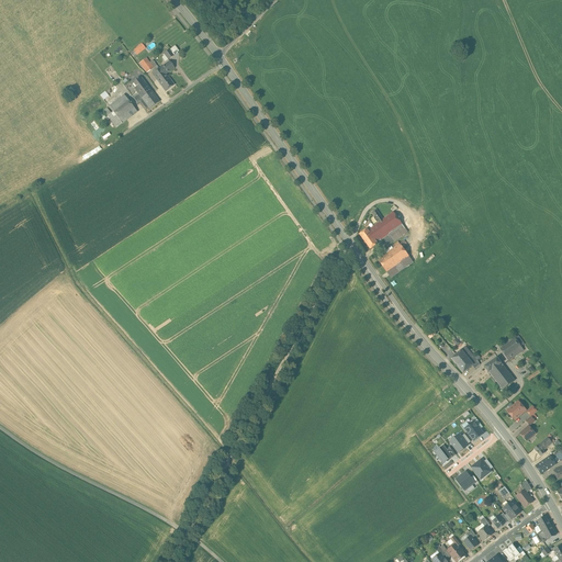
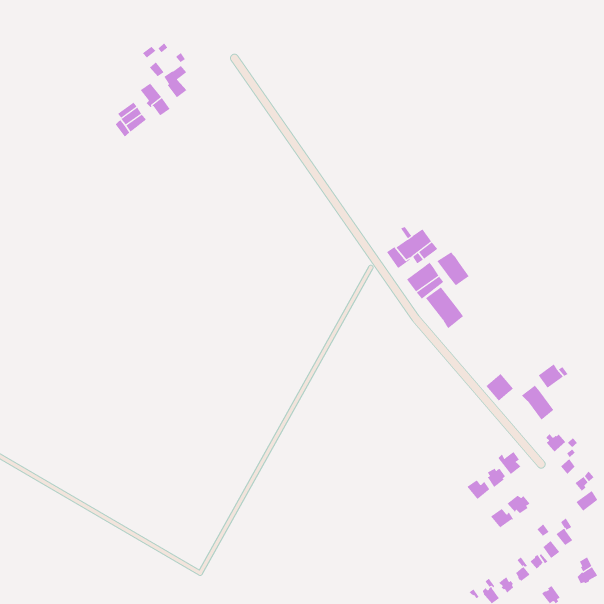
building: none -> [437,251,469,286]
building: none -> [425,287,464,329]

